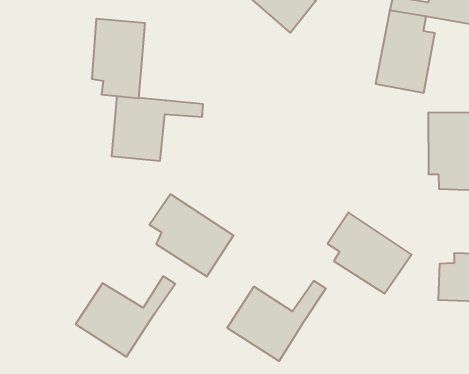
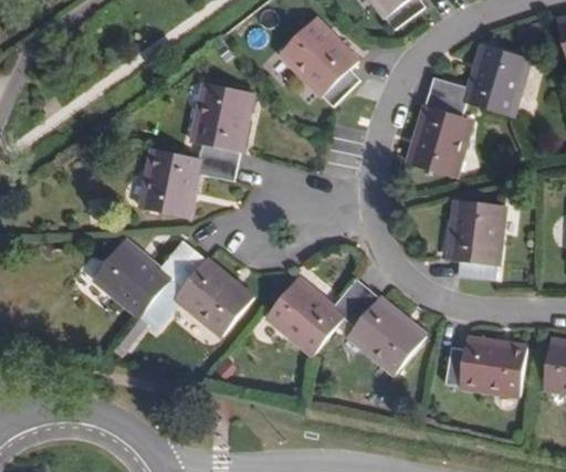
building: [92,19,145,98] -> [191,82,250,165]
building: [76,276,175,357] -> [91,241,193,316]
building: [227,281,326,361] -> [265,277,367,354]

